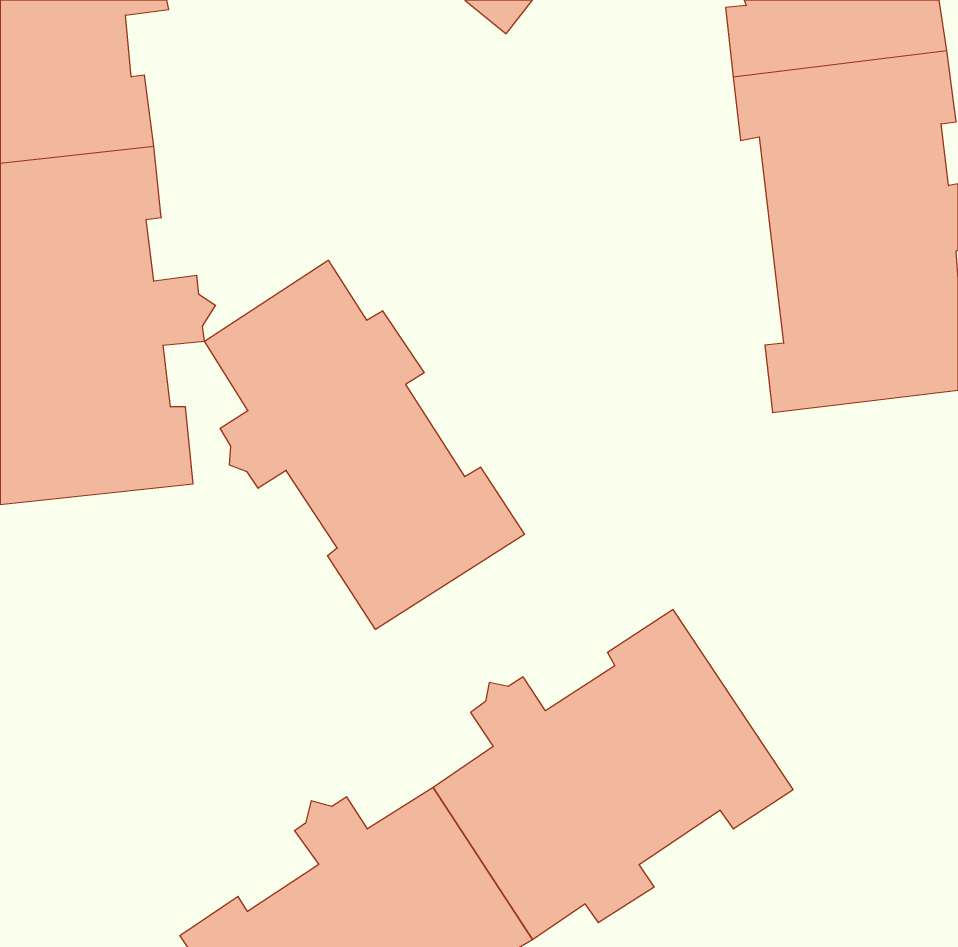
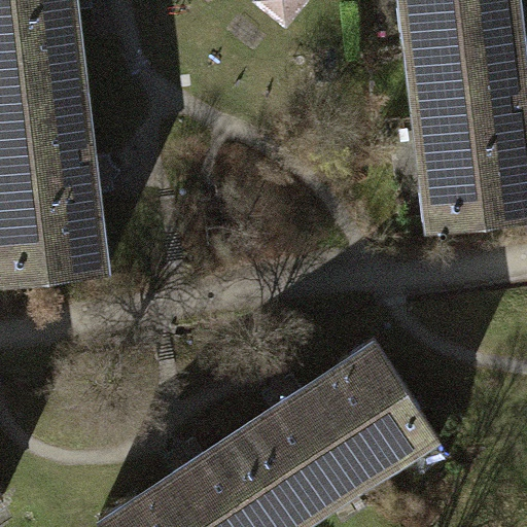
building: [204,260,524,629] -> none

